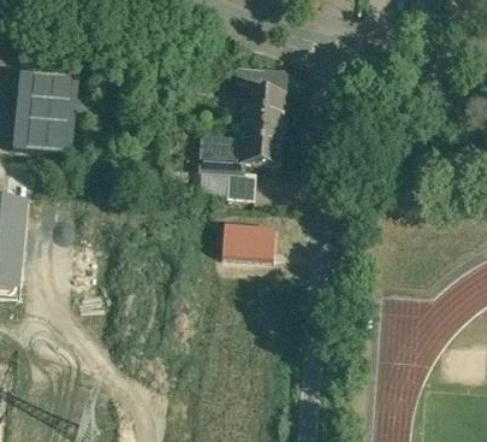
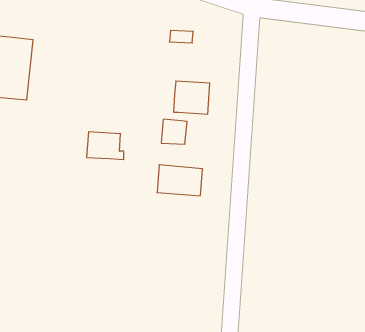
building: [242,89,284,129] -> none
building: [201,140,244,172] -> [87,132,124,160]

